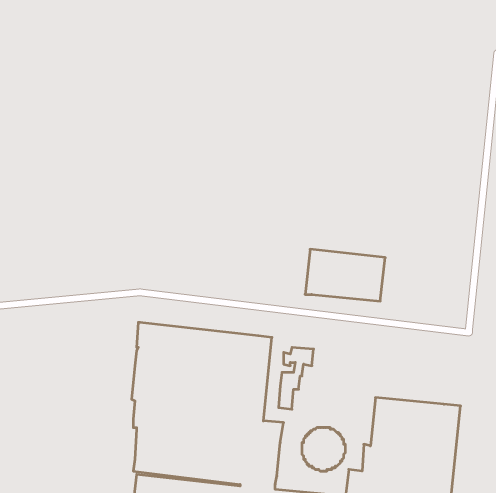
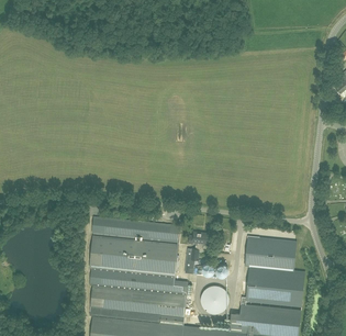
building: [305,249,385,301] -> [245,236,298,270]

